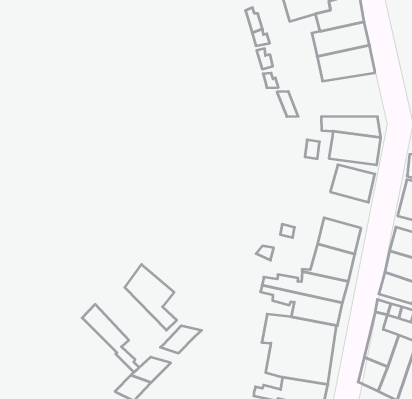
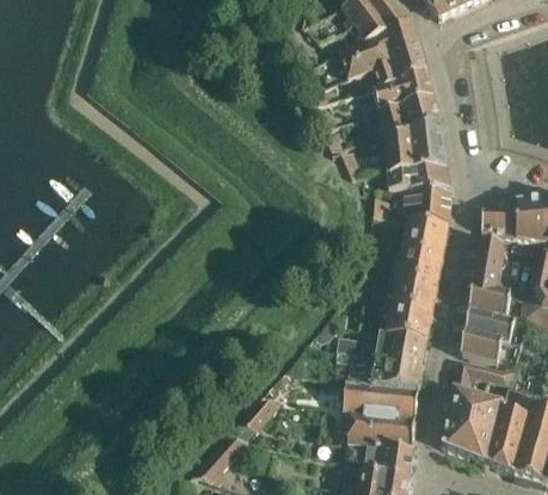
building: none -> [384,124,447,173]
building: none -> [398,250,443,286]
building: [125,264,177,330] -> none
building: [82,304,139,372] -> none

